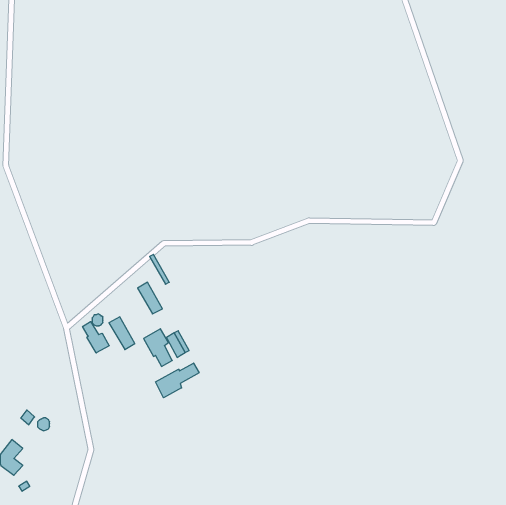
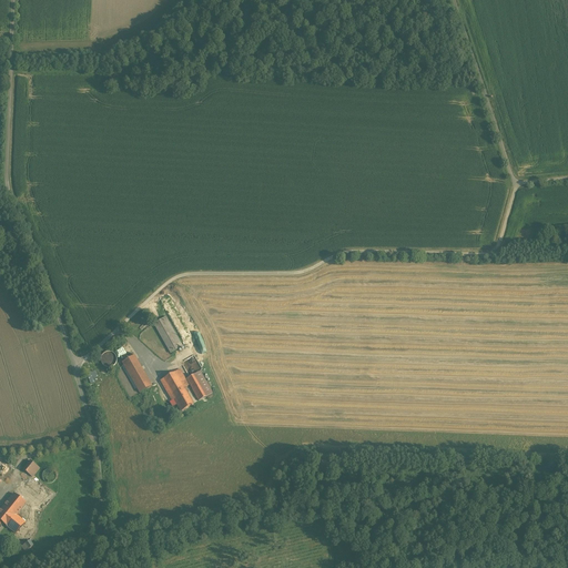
building: [83,322,109,353] -> none
building: [156,363,199,398] -> none

